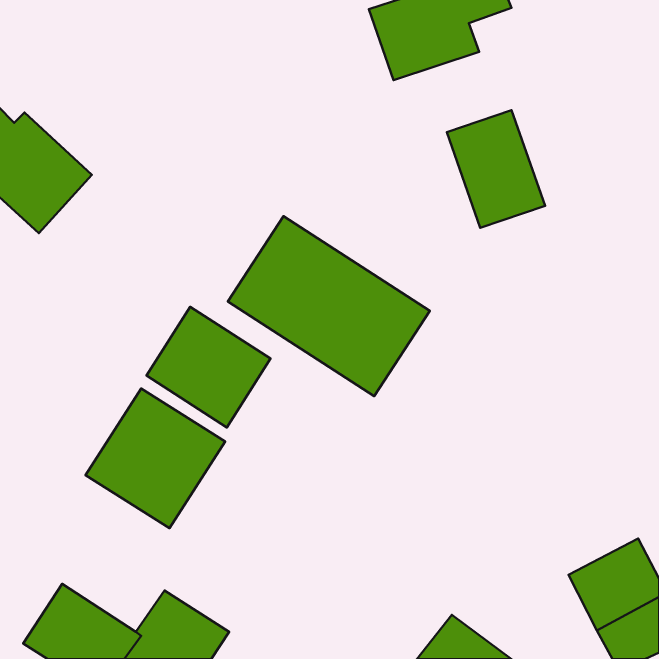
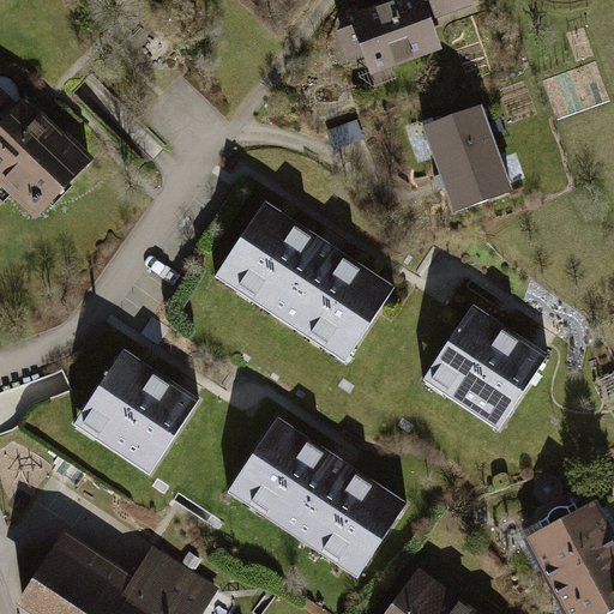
building: [147,307,270,427] -> none
building: none -> [422,303,550,432]
building: none -> [224,416,409,579]

